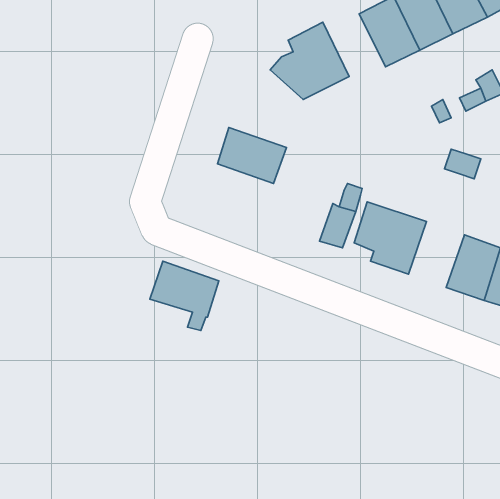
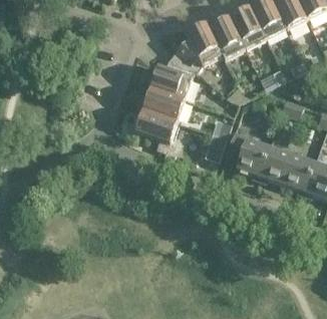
building: none -> [208,16,246,58]
building: none -> [150,50,196,97]
building: none -> [260,142,294,183]
building: [150,261,219,330] -> [135,107,178,149]

